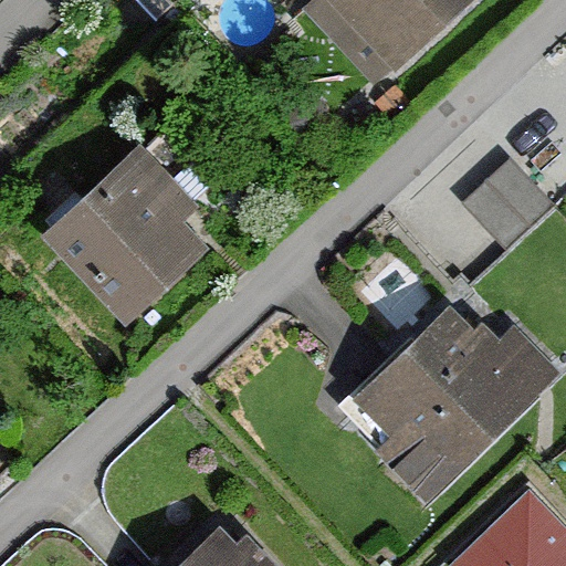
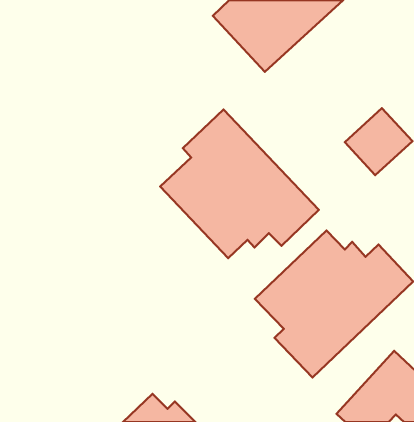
building: [39,144,207,329] -> none
building: none -> [160,109,319,258]

